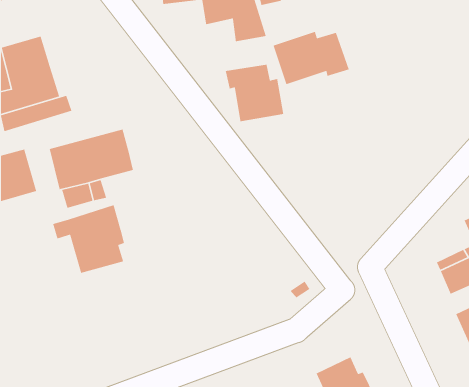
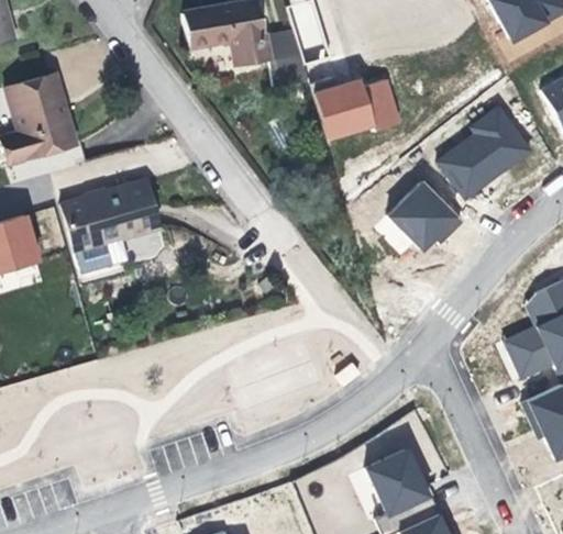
building: none -> [437,101,533,199]
building: [225,64,284,122] -> none
building: none -> [389,178,465,249]
building: [52,204,125,274] -> none

